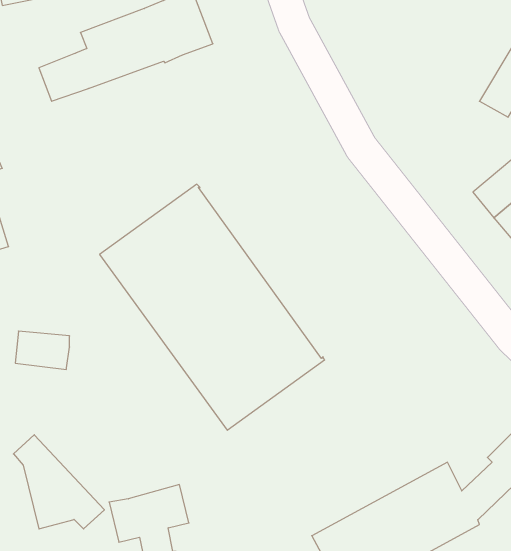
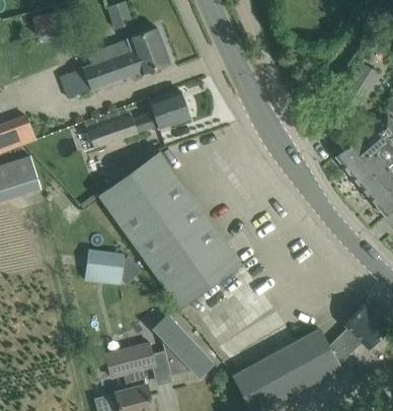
building: none -> [87,90,190,148]
building: [15,331,70,369] -> [87,253,122,277]
building: [13,435,104,529] -> [154,316,212,375]

